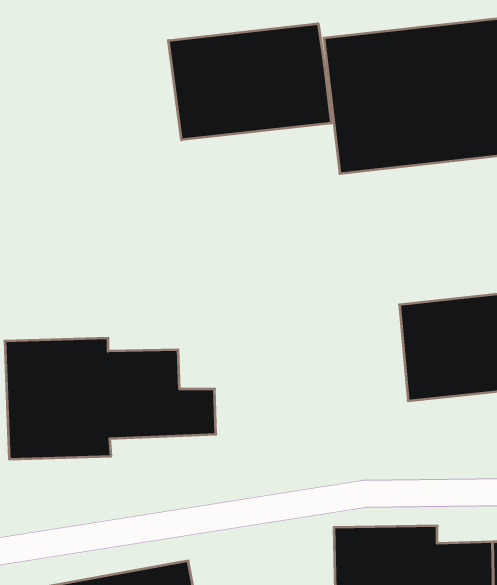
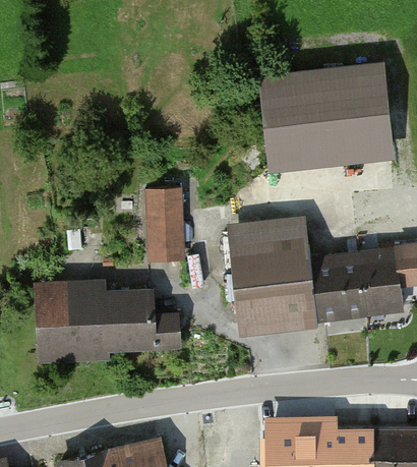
building: [168,24,331,140] -> none
building: none -> [145,186,186,265]
building: none -> [228,220,316,336]

